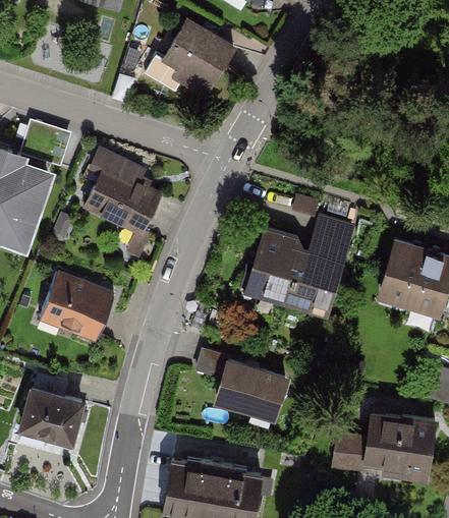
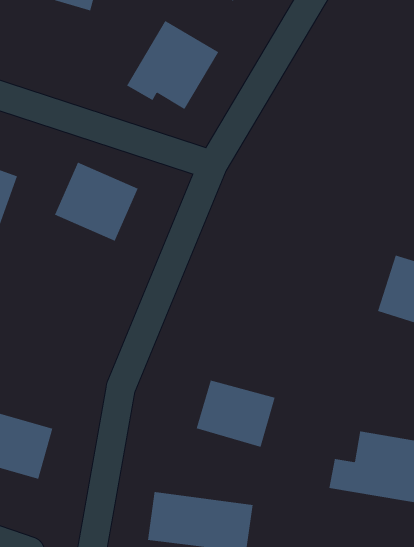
building: [243,217,355,315] -> none
building: [43,272,117,341] -> none

